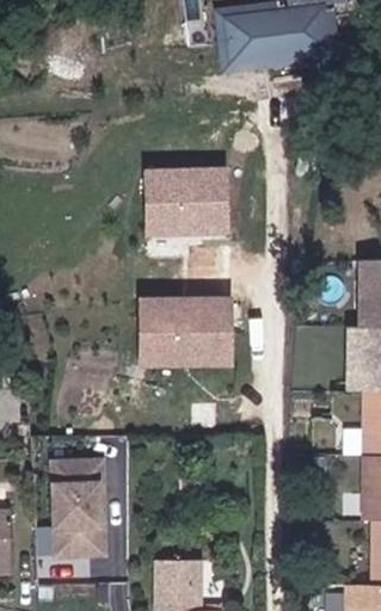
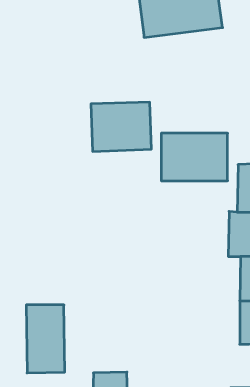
building: [137,298,234,368] -> [161,133,228,181]

